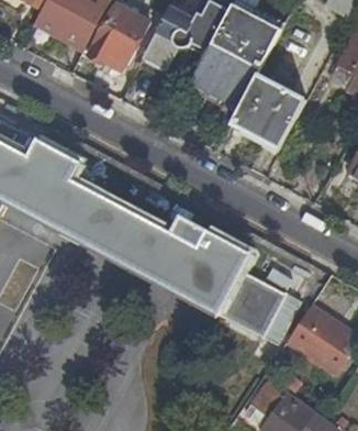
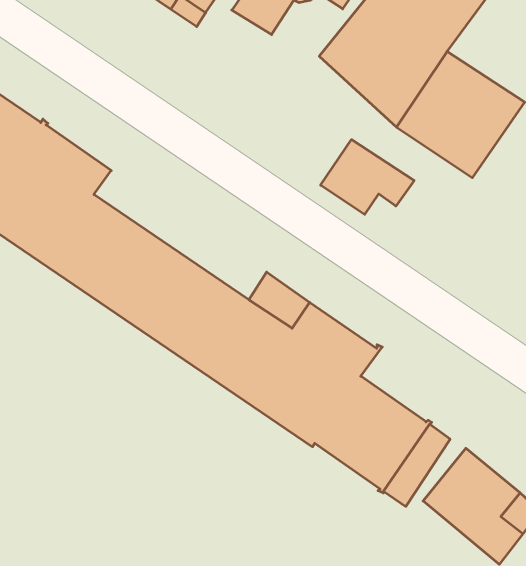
building: none -> [321,140,414,214]

